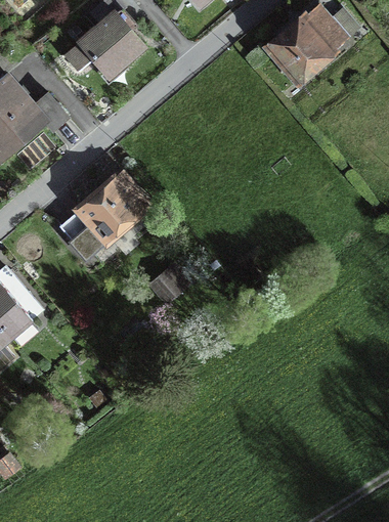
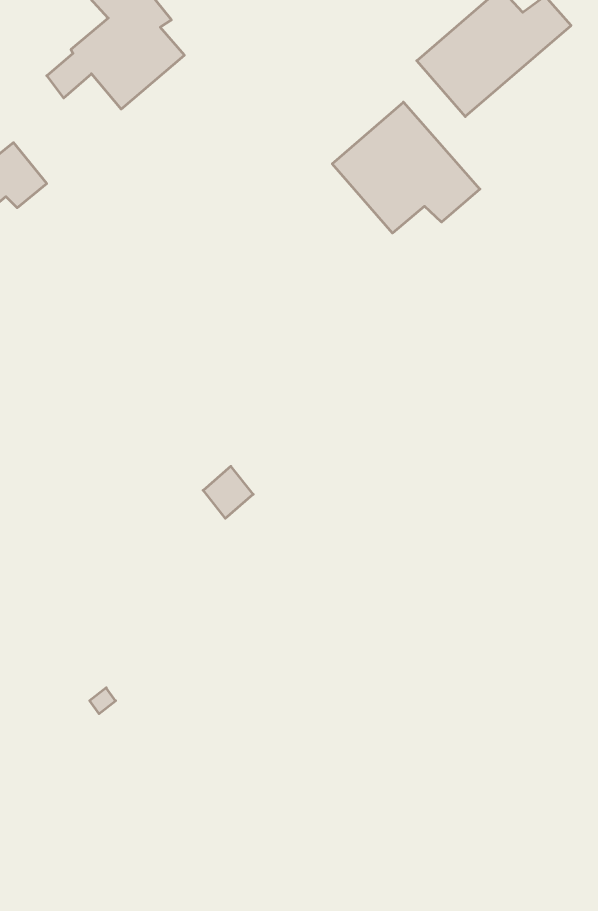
building: none -> [332,102,480,233]
building: [58,175,146,259] -> none

